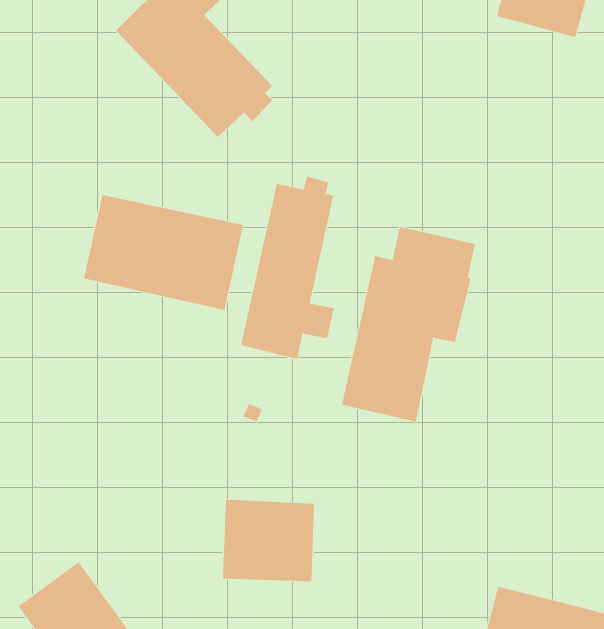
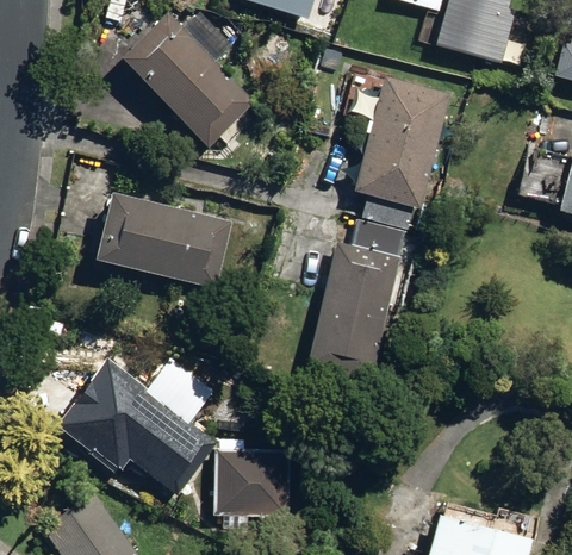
building: none -> [354,77,450,229]
building: [241,175,334,360] -> none
building: none -> [69,369,212,488]

